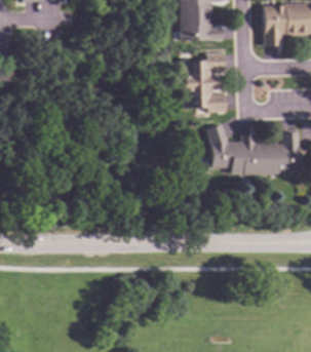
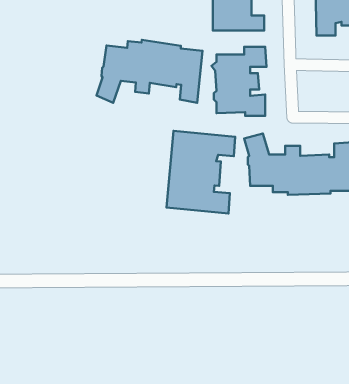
building: none -> [96,40,203,103]
building: none -> [166,131,235,214]

